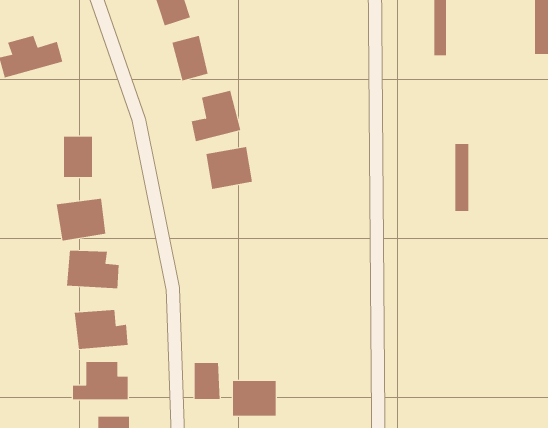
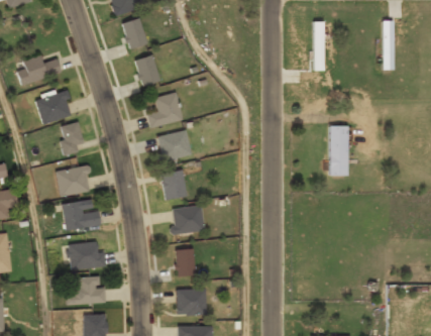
building: none -> [36,92,73,124]
building: none -> [161,171,187,200]
building: none -> [173,207,204,234]
building: [194,363,220,400] -> [177,250,195,275]

